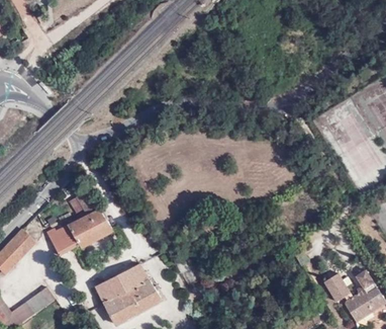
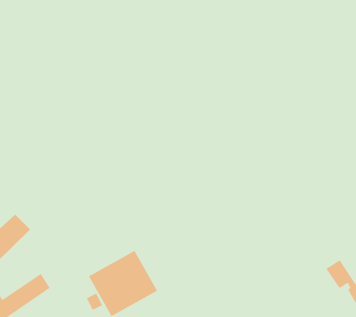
building: [45,191,115,254] -> none

